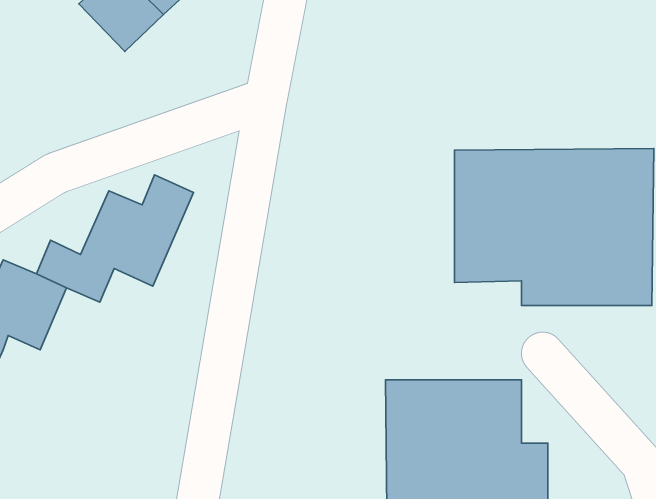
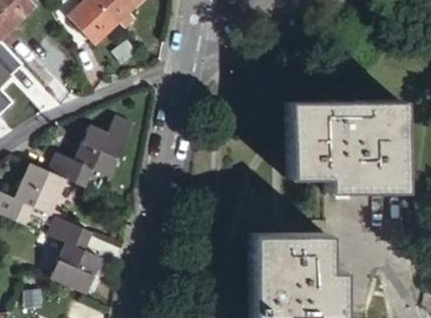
building: none -> [49,217,104,294]

